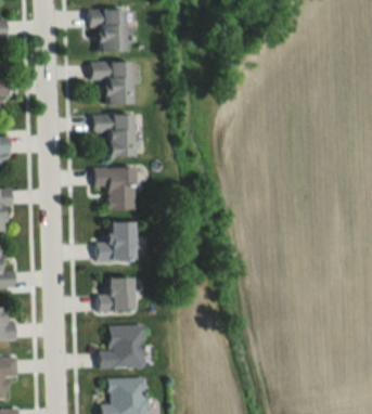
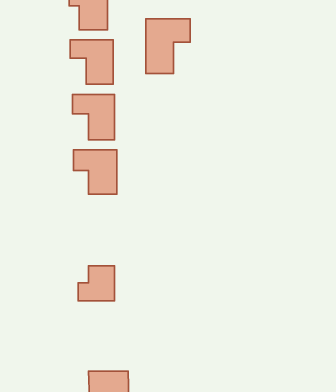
building: none -> [146,19,190,74]
building: [95,222,134,261] -> none
building: [99,326,143,368] -> none

